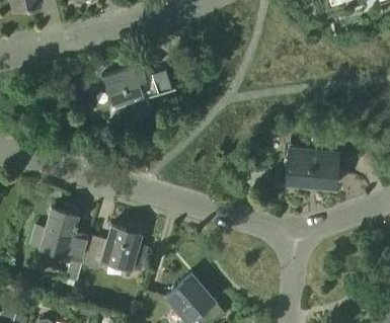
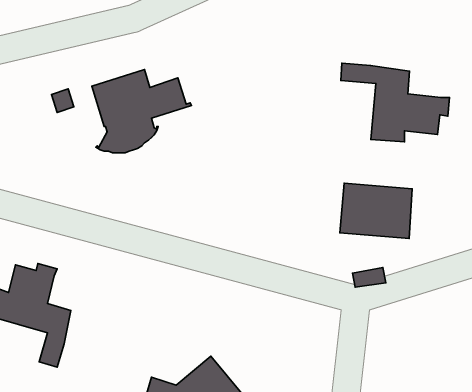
building: none -> [341,63,450,142]
building: [83,226,150,271] -> none

